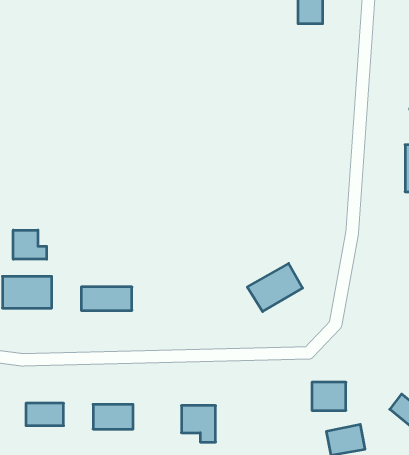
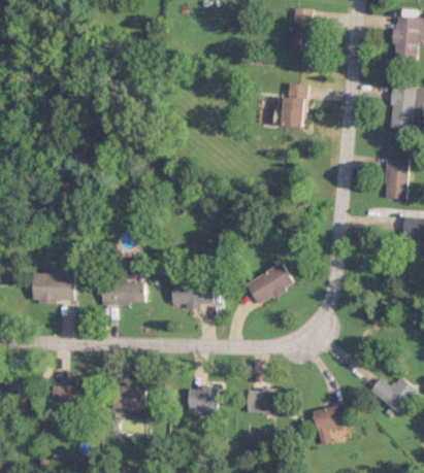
building: none -> [285,83,304,127]
building: [13,230,47,259] -> none
building: none -> [171,284,215,305]
building: [312,382,346,410] -> [248,388,278,413]

